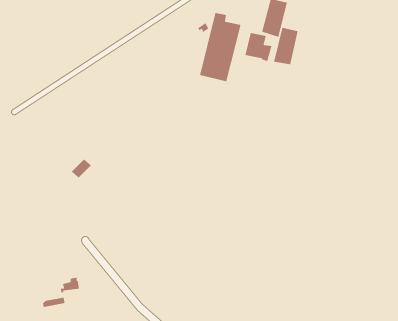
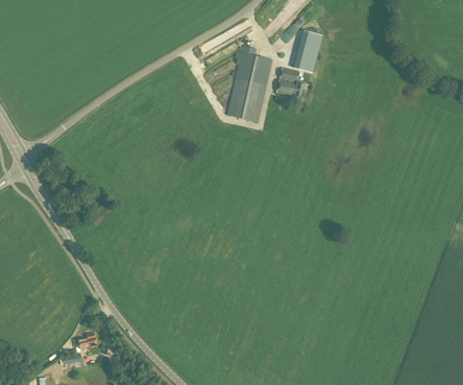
building: [273,27,299,65] -> none

